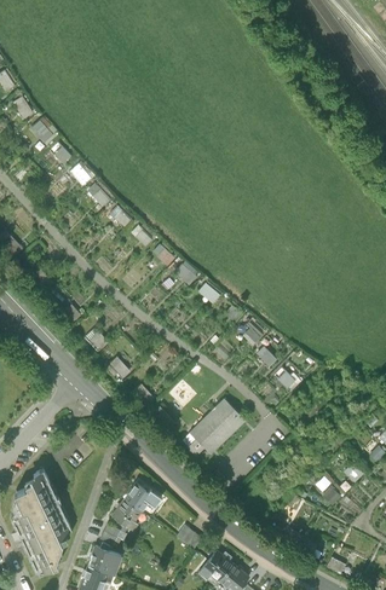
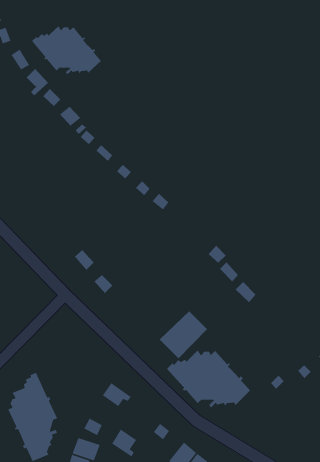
building: none -> [31,25,102,75]
building: none -> [166,350,251,408]
building: [109,499,139,533] -> [111,428,137,457]

